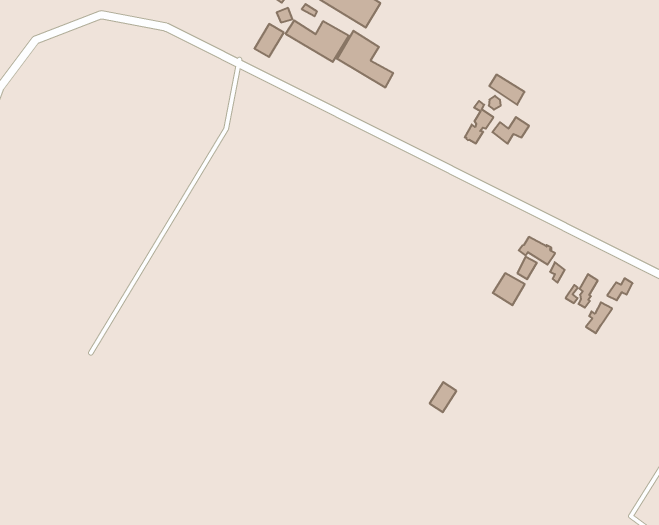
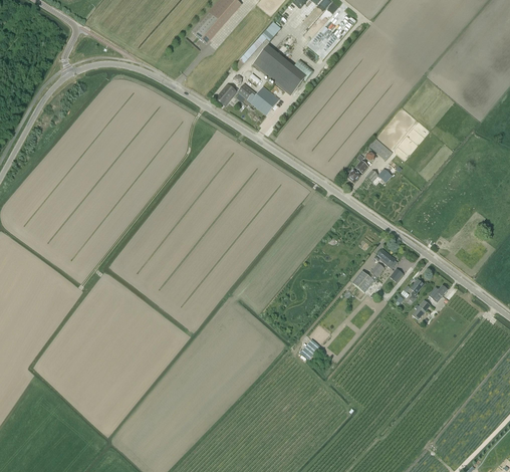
building: [337,31,393,88] -> none

